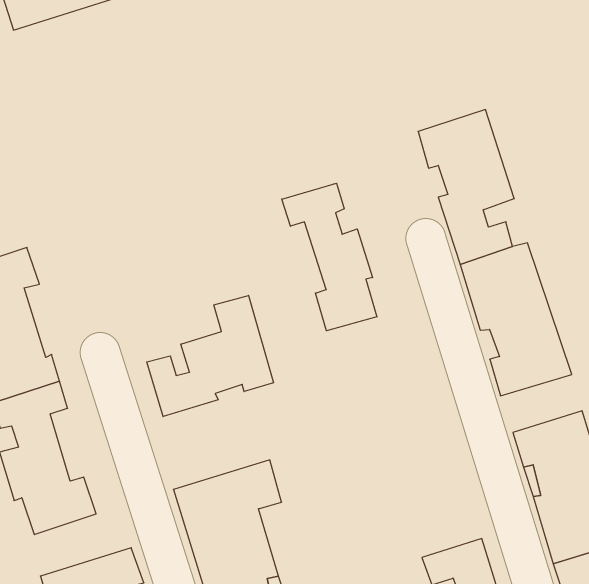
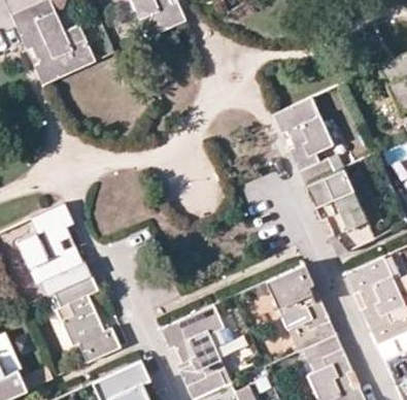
building: [282,183,377,331] -> none
building: [147,295,273,417] -> none
building: none -> [266,265,335,349]

